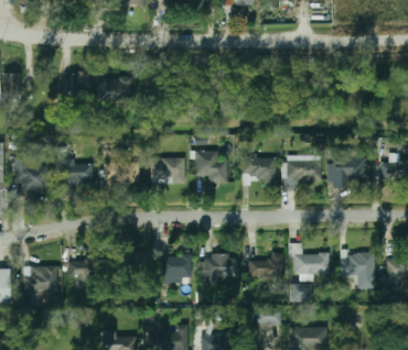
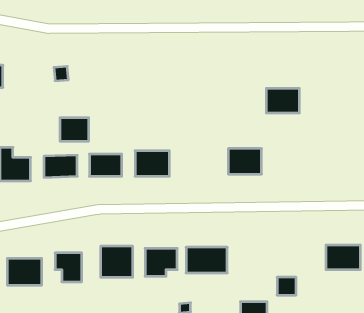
building: [99,77,128,100] -> [60,118,89,141]
building: [194,150,234,183] -> none
building: [333,153,365,187] -> none
building: [288,155,321,179] -> [266,88,299,113]
building: [292,244,329,274] -> none
building: [248,258,282,281] -> none

